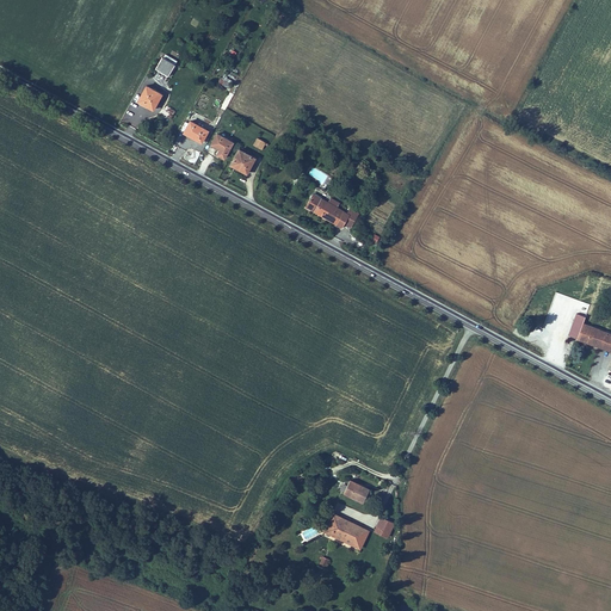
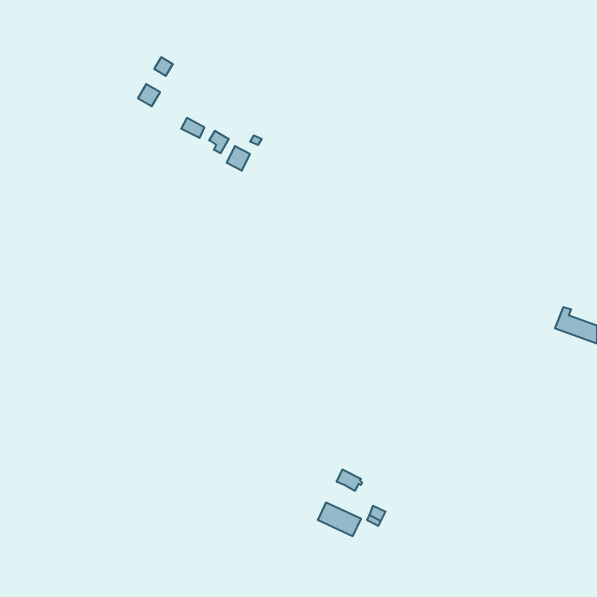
building: [307,193,358,228] -> none

